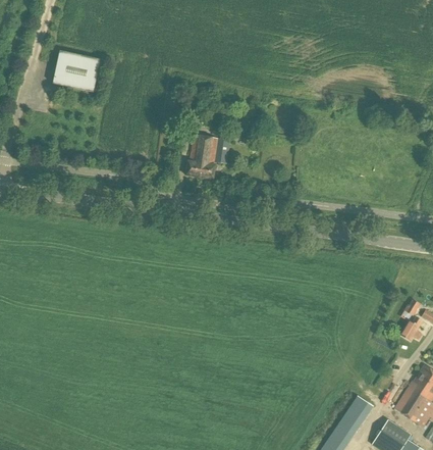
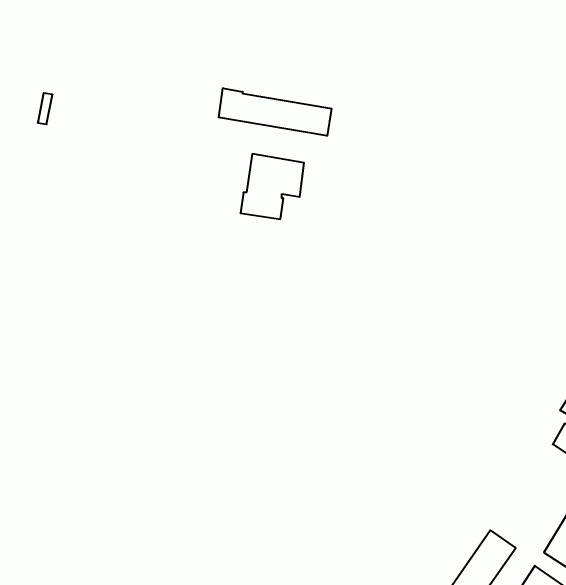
building: [52,51,100,93] -> none
building: none -> [219,88,332,136]

